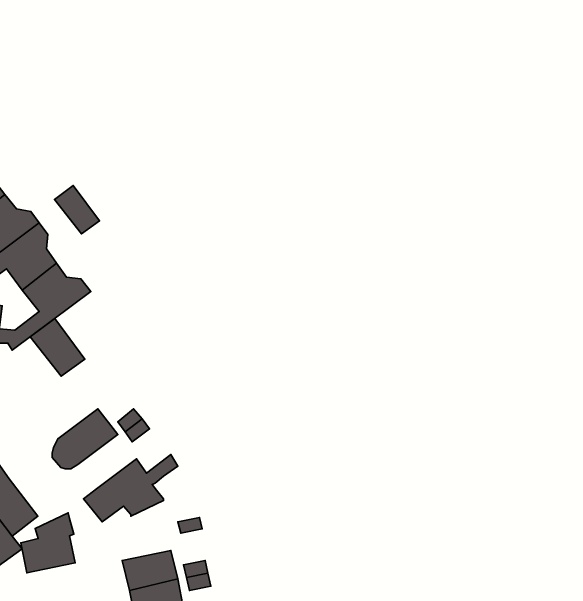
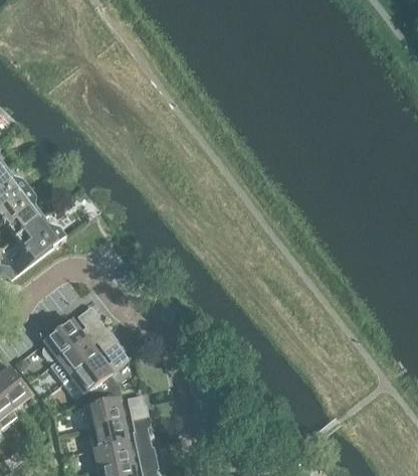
building: [55,186,99,234] -> none
building: [30,319,85,376] -> none
building: none -> [58,338,99,376]
building: [21,513,75,573] -> [85,384,124,427]

